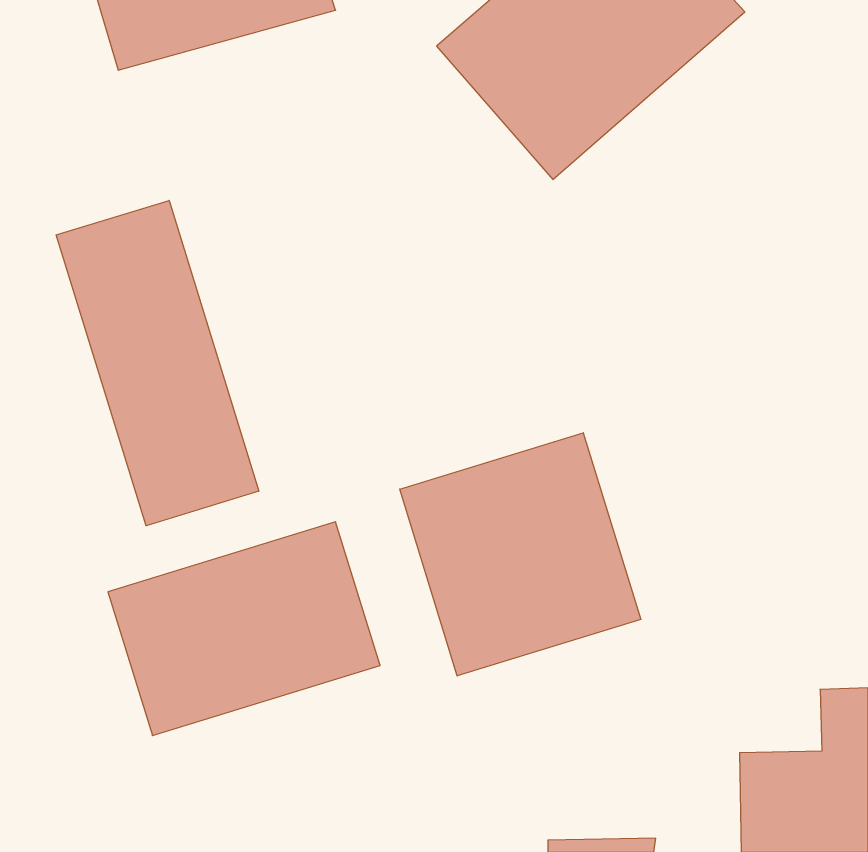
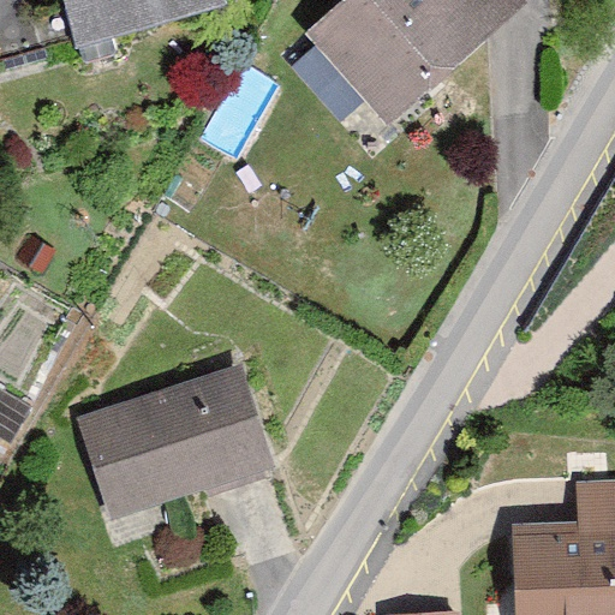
building: [56,200,259,526] -> none
building: [400,433,641,676] -> none

